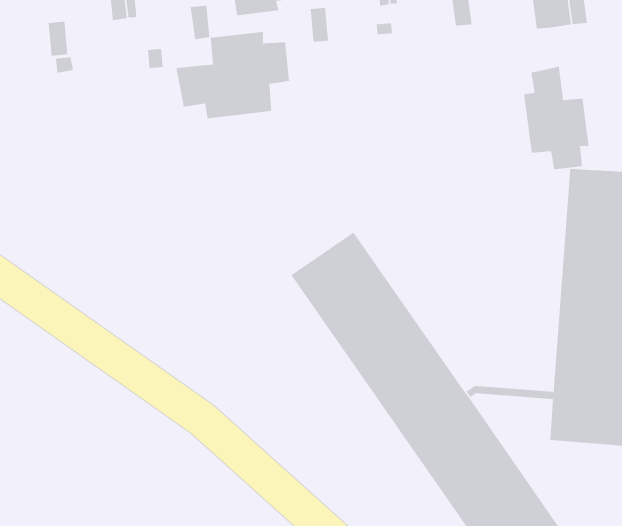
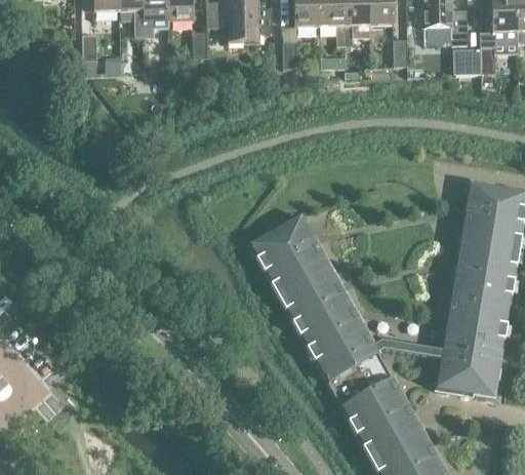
building: [176,31,290,119] -> none
building: [523,66,589,170] -> none

